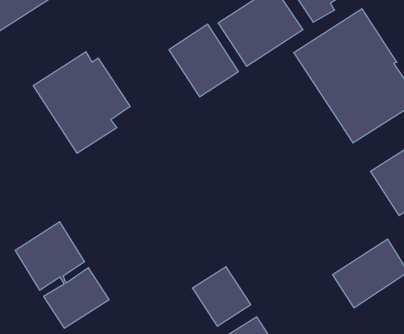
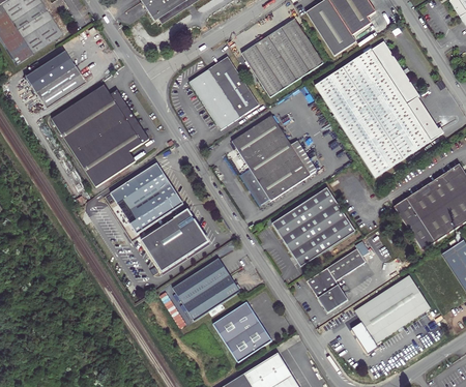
building: none -> [23,48,84,107]
building: none -> [228,118,315,204]
building: none -> [275,185,357,264]
building: none -> [309,246,368,310]
building: [15,222,109,328] -> [112,162,207,270]
building: none -> [174,257,238,318]

